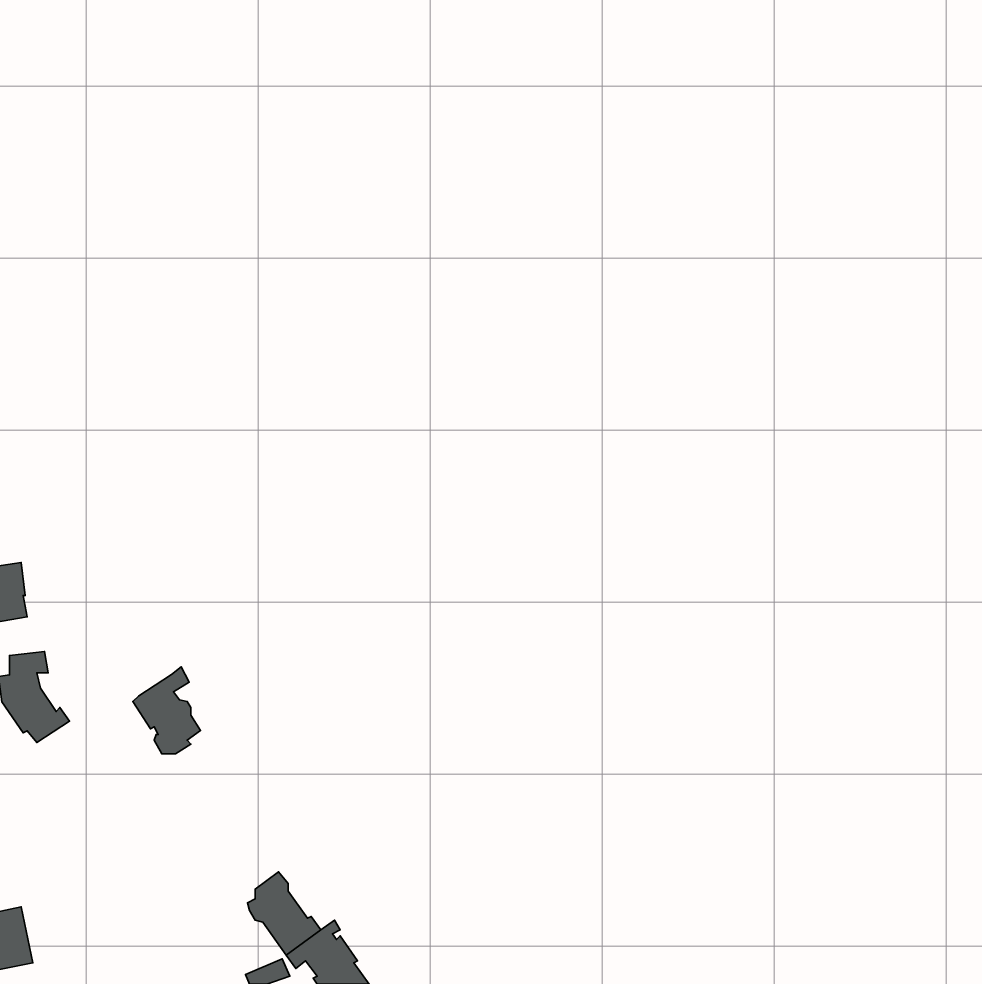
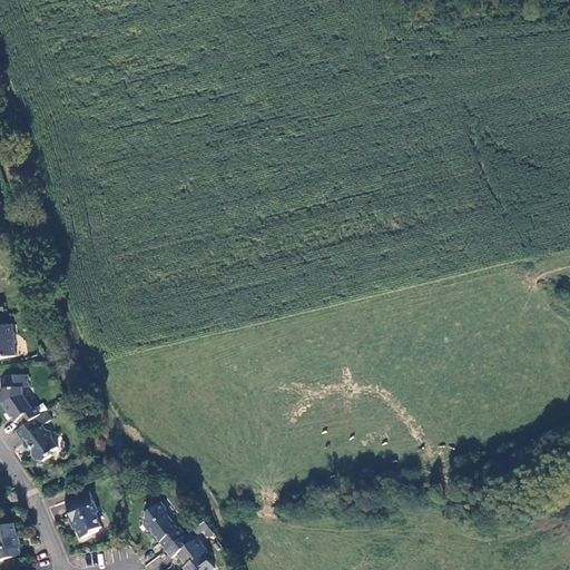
building: [133,667,201,754] -> [18,411,57,461]
building: none -> [65,490,100,538]

